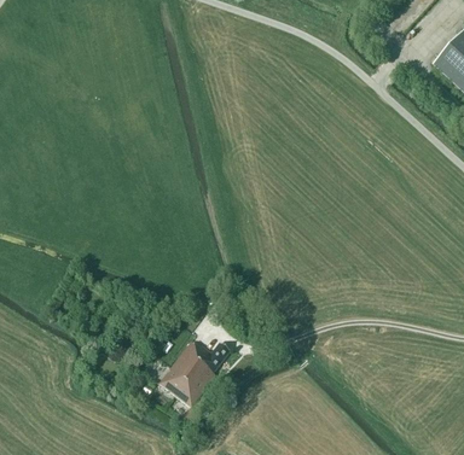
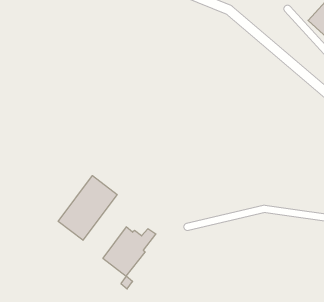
building: none -> [58,176,117,240]

